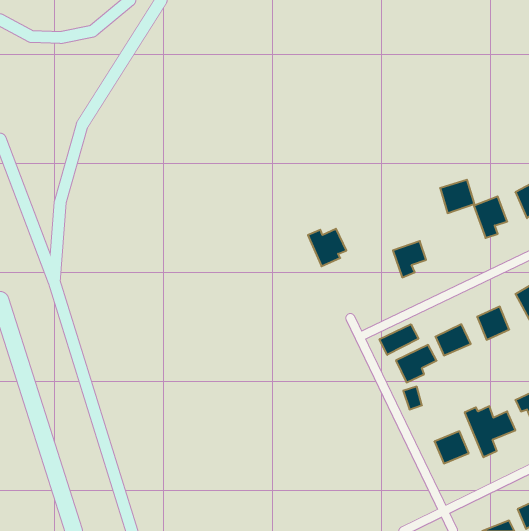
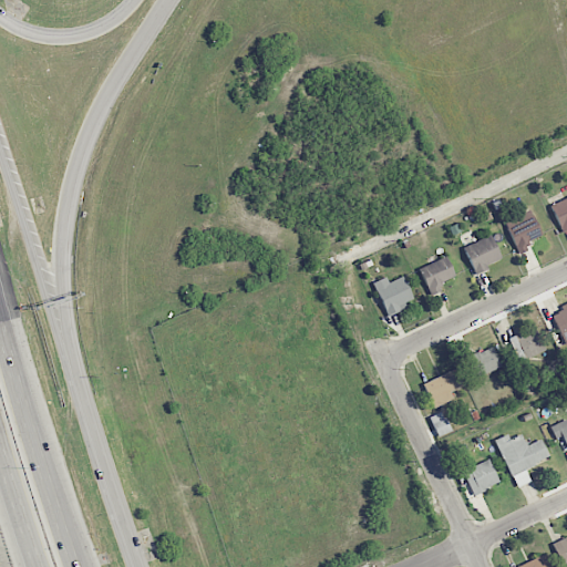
building: [440,180,474,213] -> [466,236,503,271]
building: [308,229,346,266] -> [374,276,415,316]
building: [380,324,418,355] -> none

